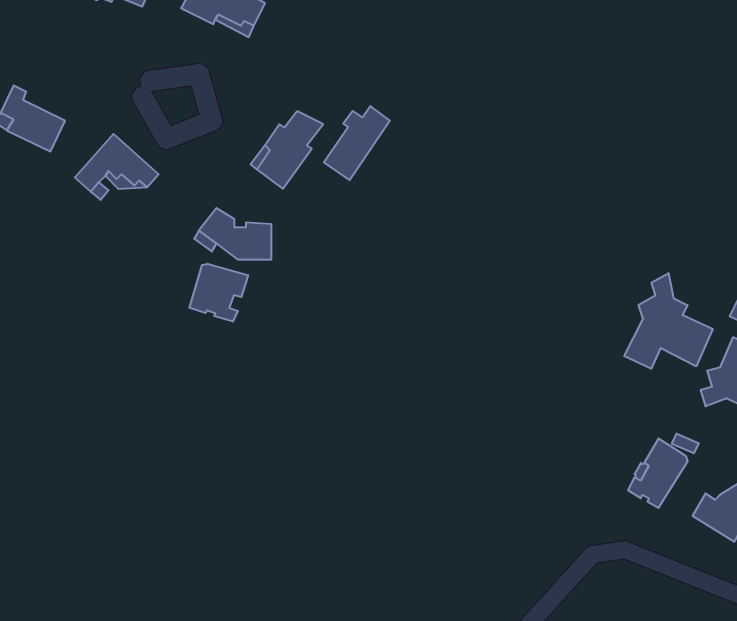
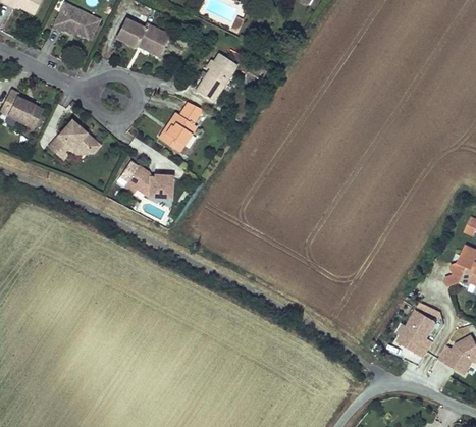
building: [324,106,390,180] -> [199,56,241,103]
building: [190,264,248,322] -> none
building: [624,273,713,369] -> none

